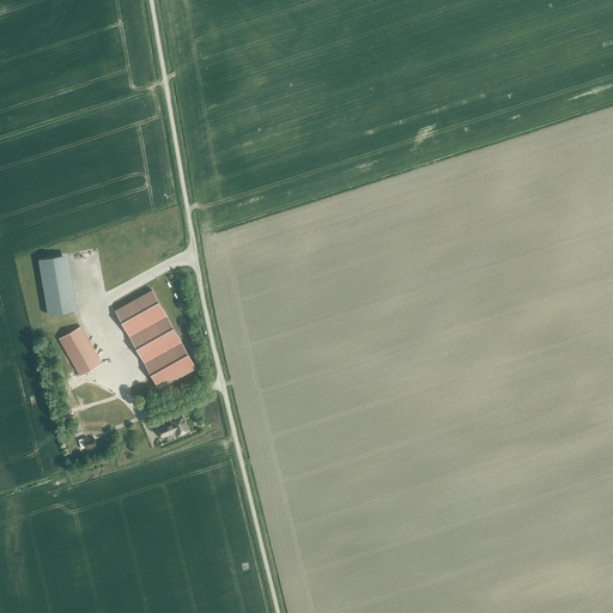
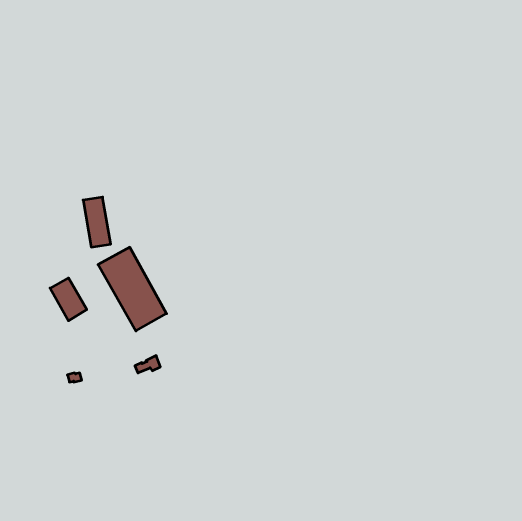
building: [40,256,72,315] -> [83,197,111,247]

